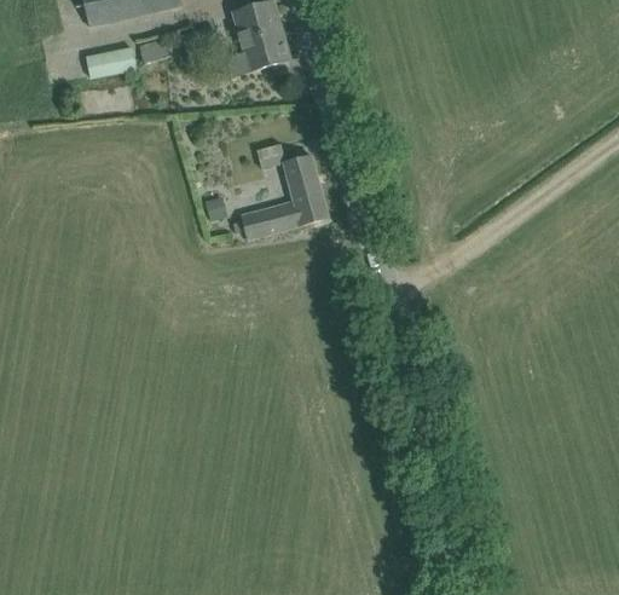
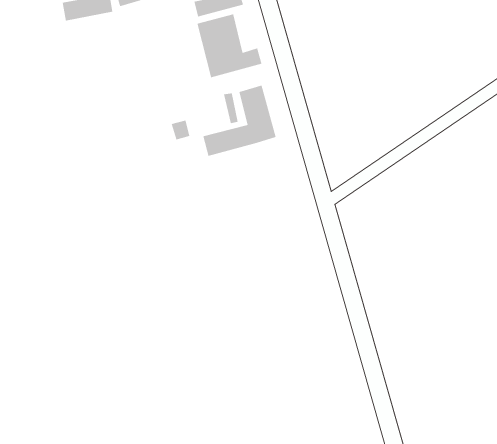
building: none -> [197,14,262,78]

